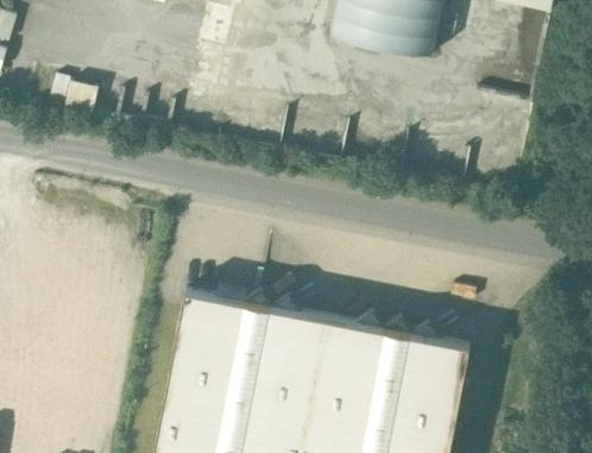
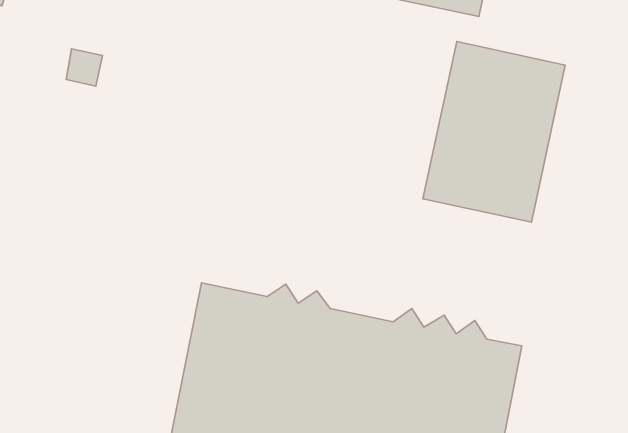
building: none -> [423,42,565,222]

